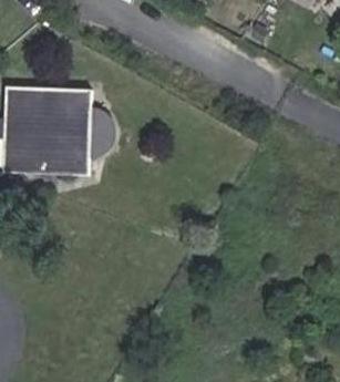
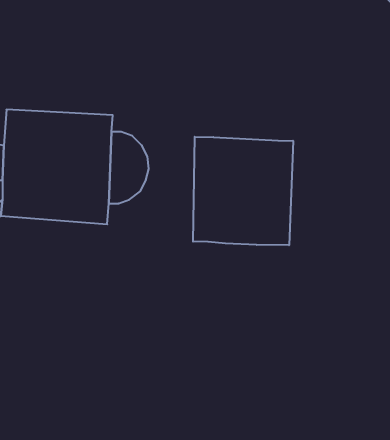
building: none -> [193,137,293,245]

